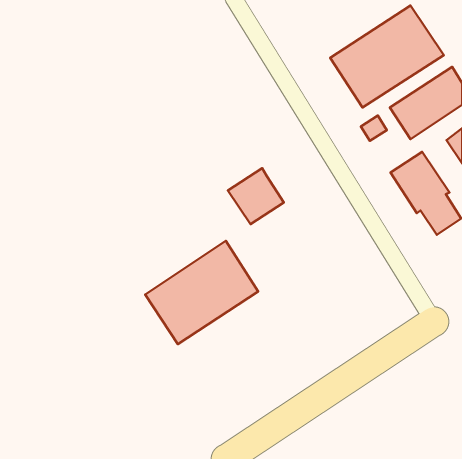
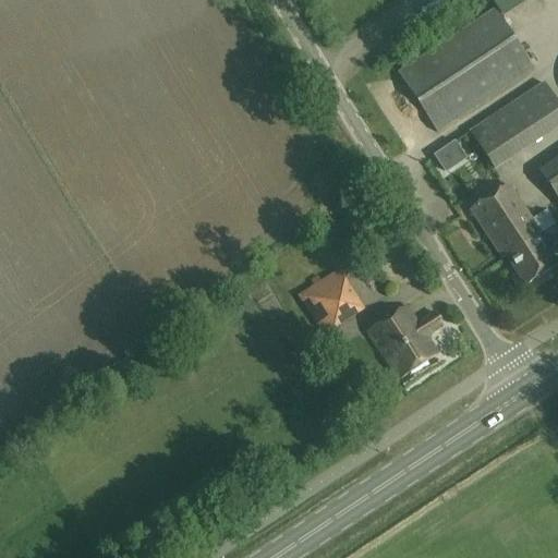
building: [228,168,284,224] -> [298,267,365,335]
building: [145,241,258,344] -> none
building: none -> [367,304,444,378]

